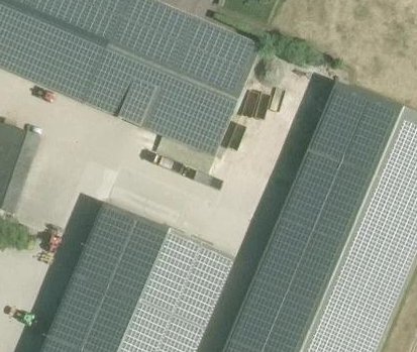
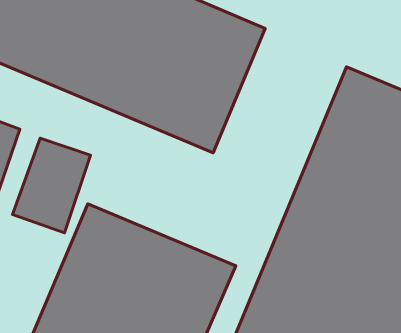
building: none -> [12,138,91,233]

